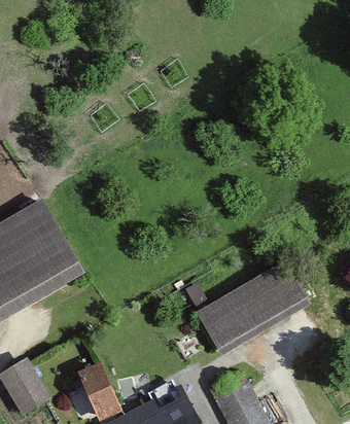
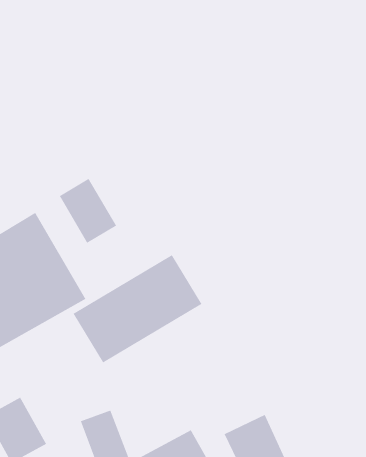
building: none -> [59,178,117,244]
building: [191,260,307,357] -> [73,254,202,363]

